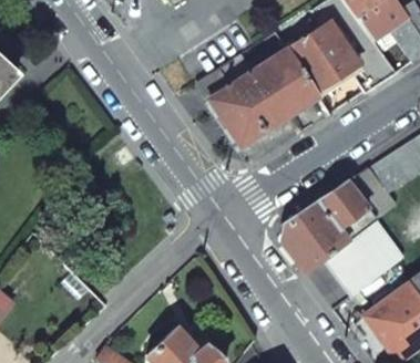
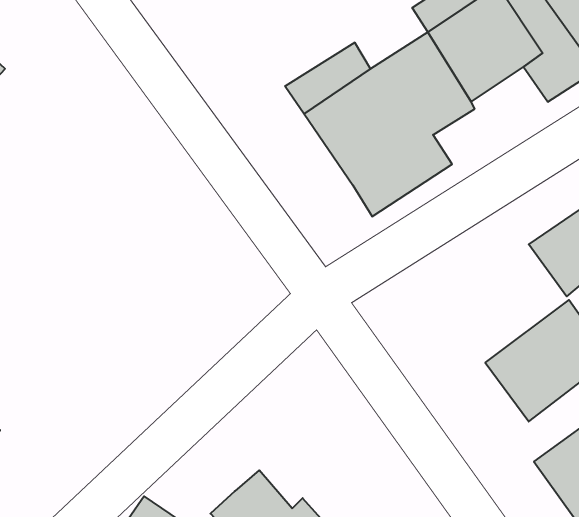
building: [283,184,377,272] -> none

